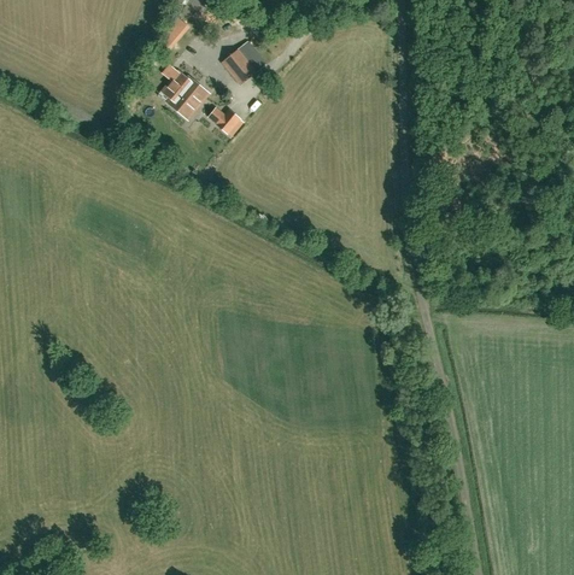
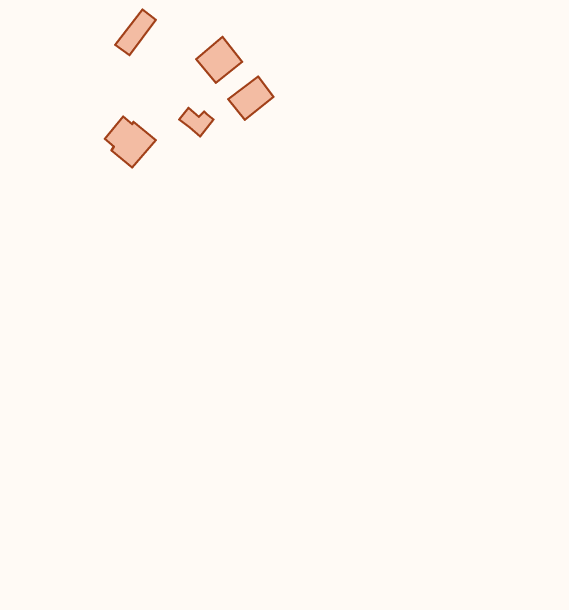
building: [163,71,210,118] -> [105,116,156,168]
building: none -> [228,76,274,120]

